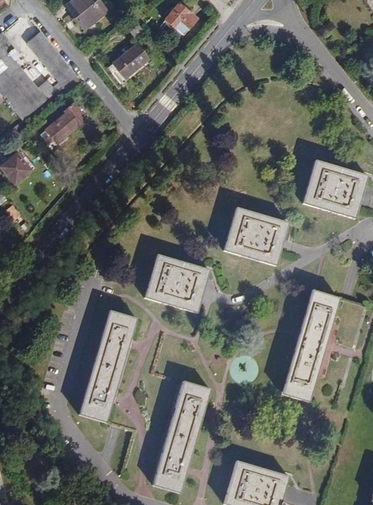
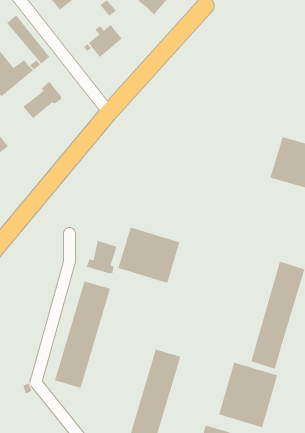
building: [223,207,288,266] -> none
building: none -> [86,240,117,274]
building: none -> [219,362,278,428]

